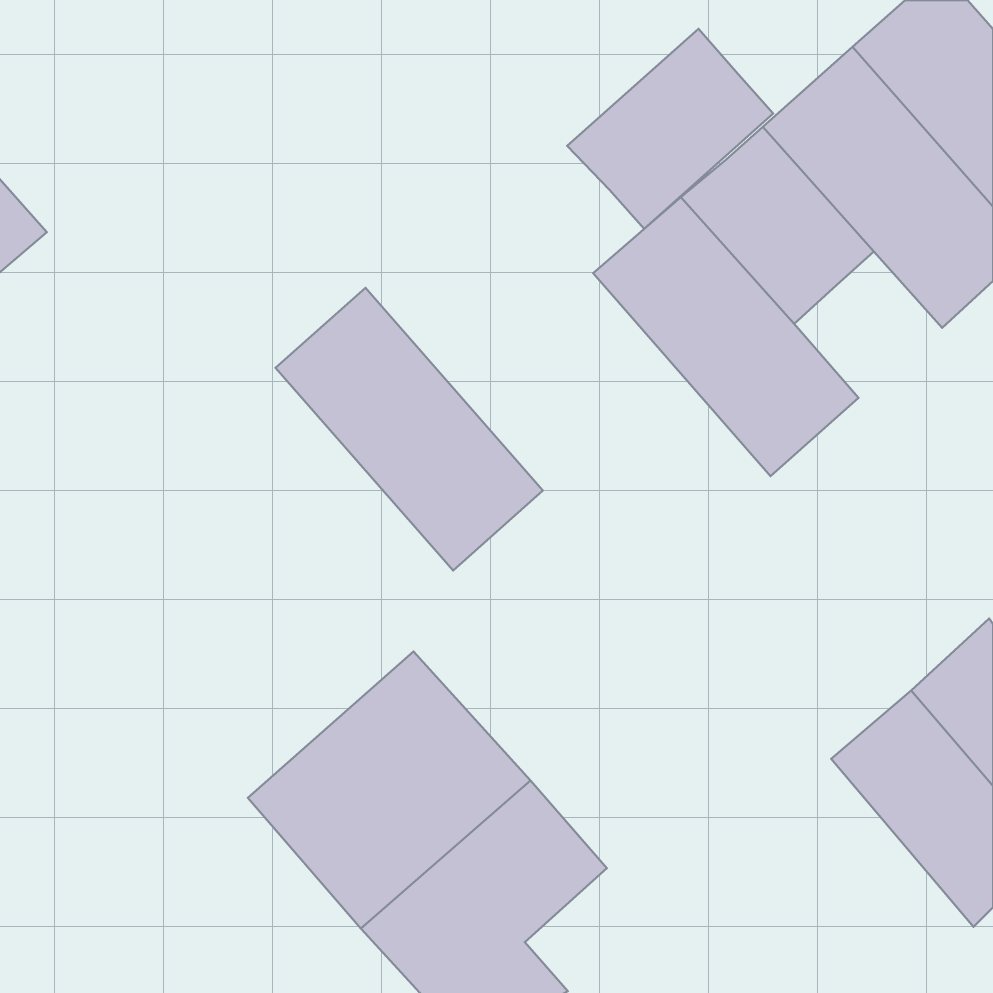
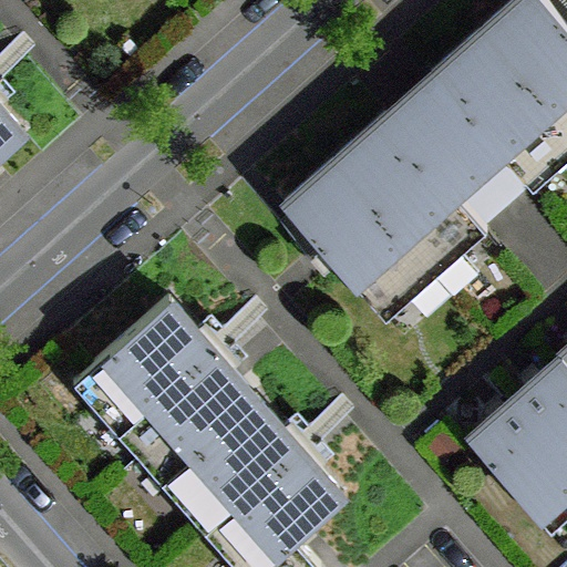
building: [567,29,773,229] -> none
building: [276,288,543,571] -> [286,157,437,318]
building: none -> [74,296,235,455]

